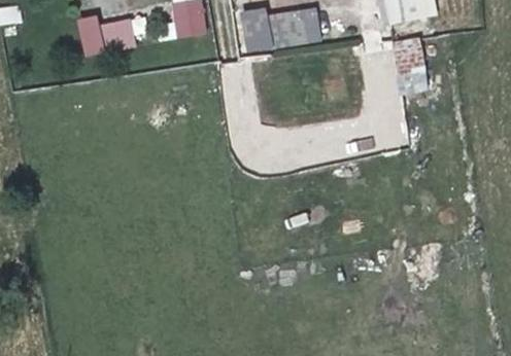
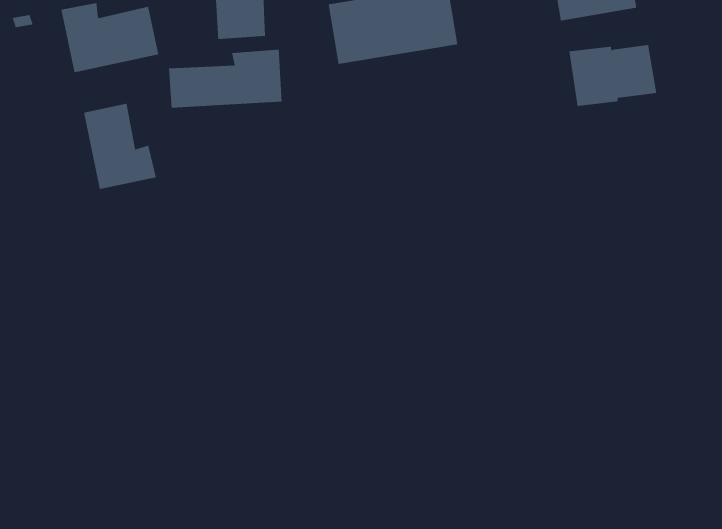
building: none -> [169,49,282,108]
building: none -> [84,103,156,190]

